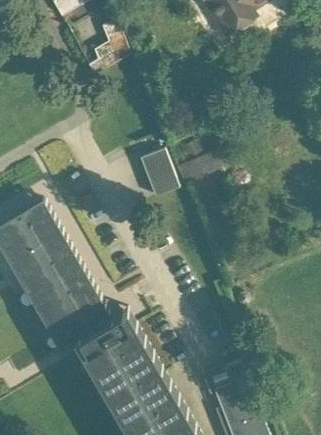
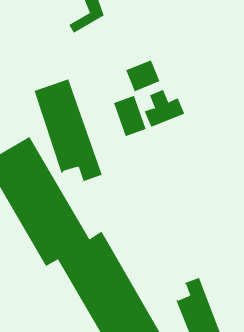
building: none -> [125,59,160,92]
building: none -> [34,78,102,182]

